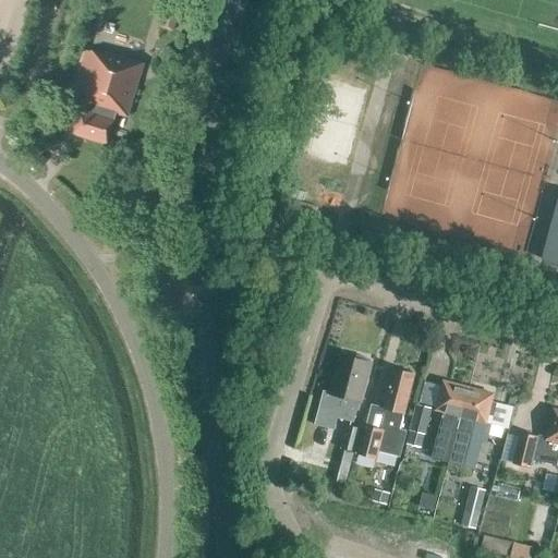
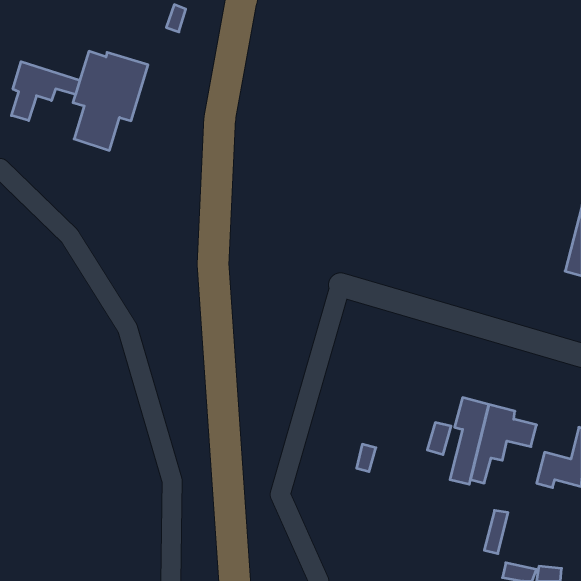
building: none -> [11,62,80,121]
building: [316,354,373,429] -> none
building: [357,368,415,460] -> none

